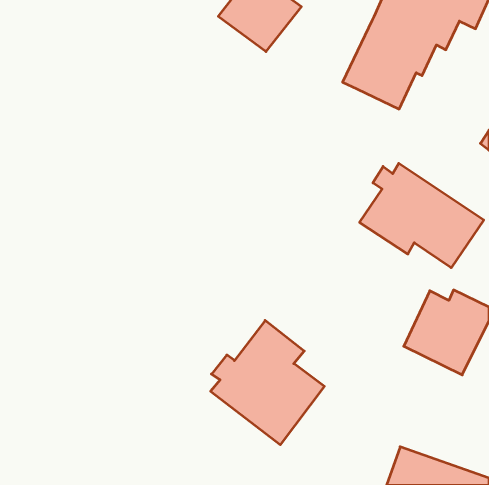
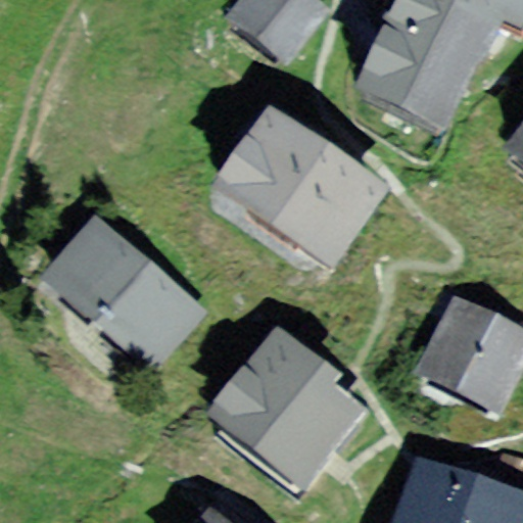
building: none -> [224,128,375,268]
building: [360,163,484,268] -> none
building: none -> [55,230,192,360]

